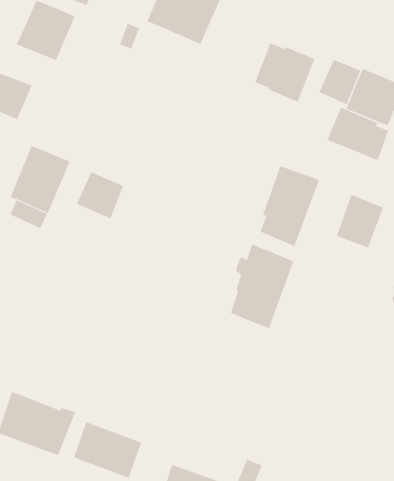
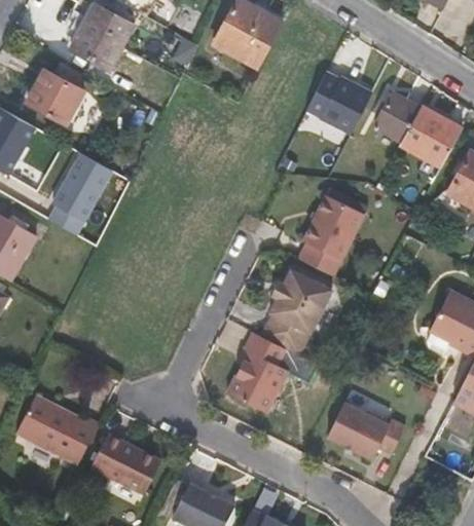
building: [327,107,389,161] -> none
building: [76,171,124,219] -> none
building: [336,194,384,249] -> none
building: none -> [226,334,286,412]
building: none -> [326,403,405,460]

